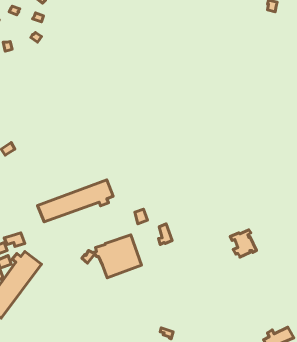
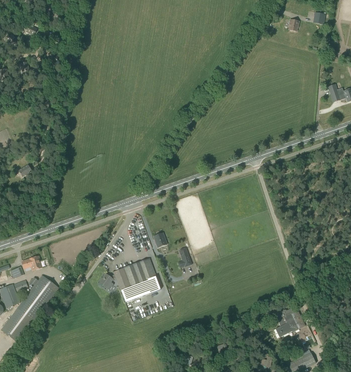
building: [38,180,113,222] -> none
building: [230,230,257,257] -> [272,308,299,336]

